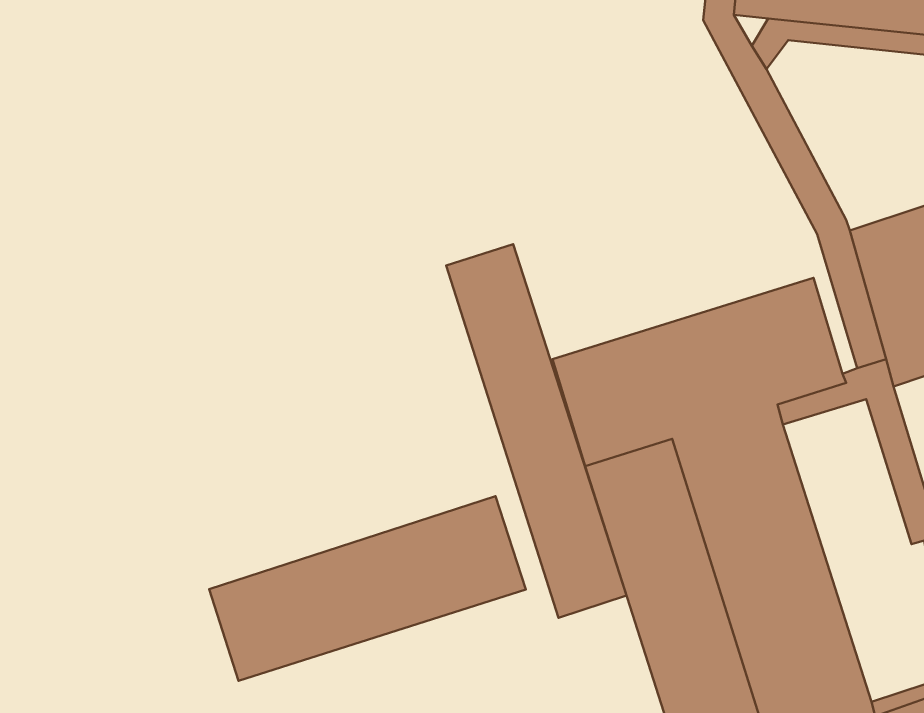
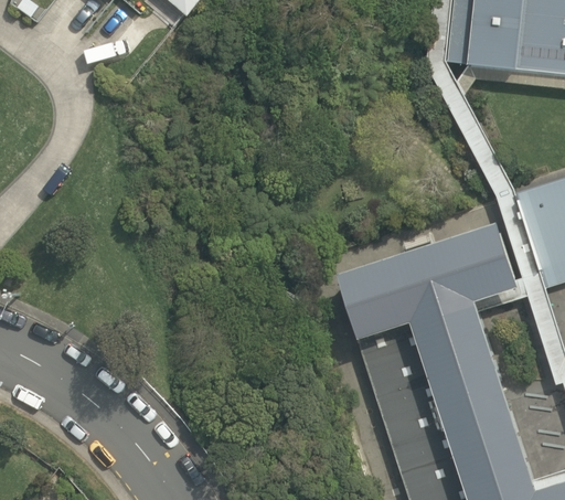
building: [446,244,627,618] -> none
building: [209,496,526,681] -> none

